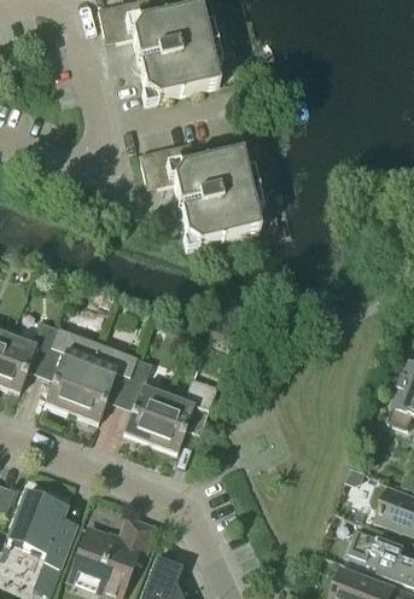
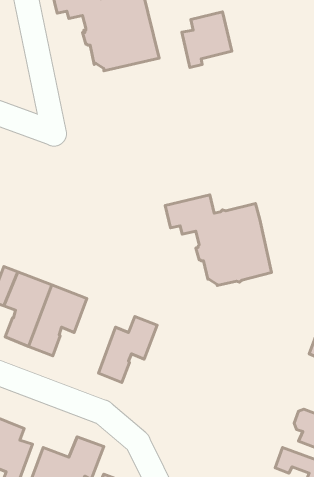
building: none -> [182,12,232,67]
building: [139,143,260,245] -> [165,195,271,285]
building: [123,359,170,443] -> none

